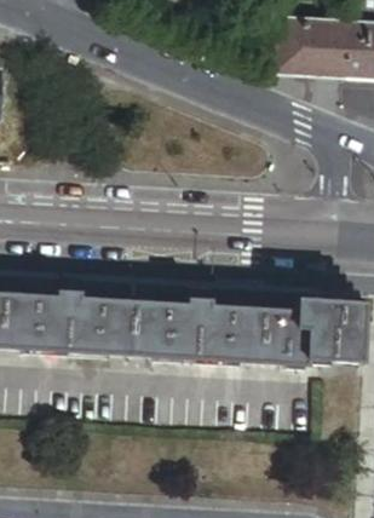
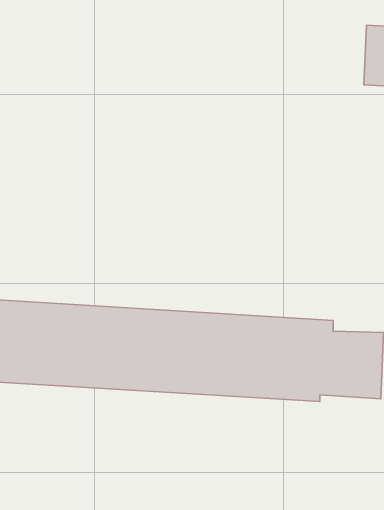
building: [272,18,347,77] -> none

